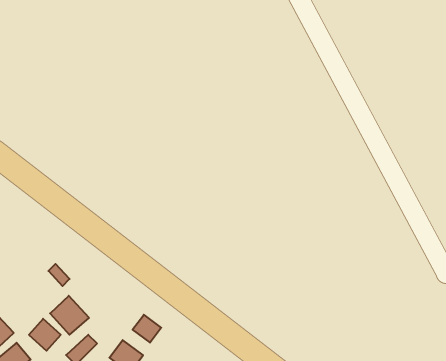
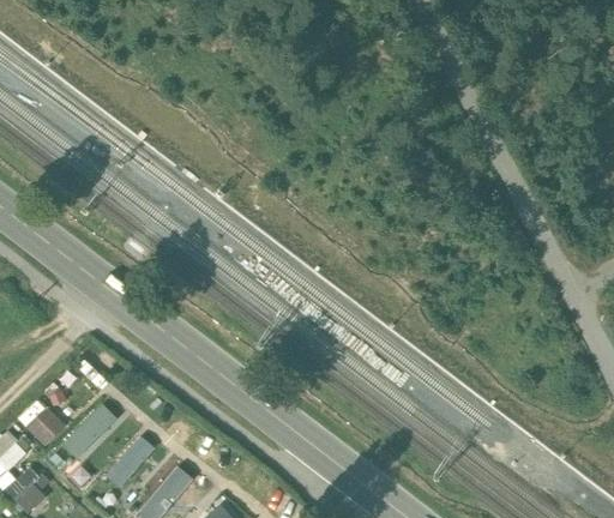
building: none -> [25,403,61,444]
building: [133,315,161,343] -> none

